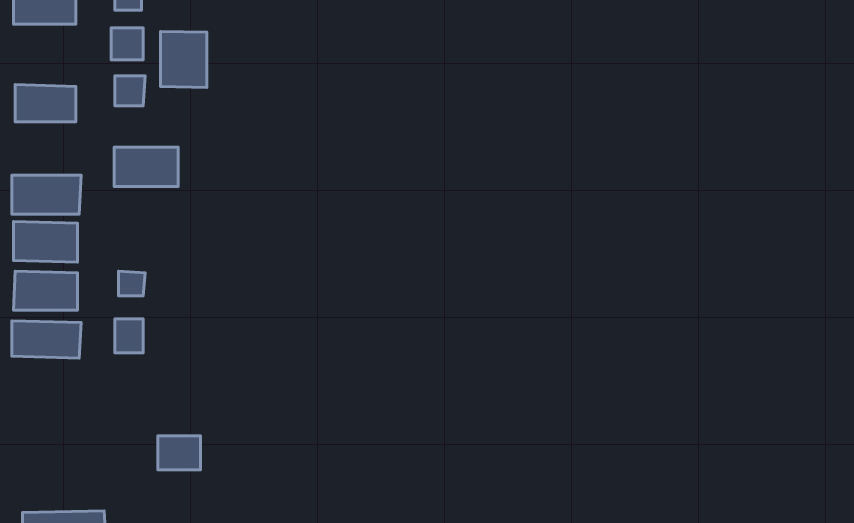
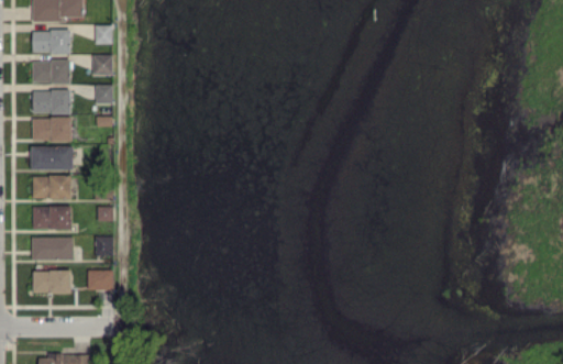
building: [161,31,207,87] -> none
building: none -> [32,60,70,82]
building: [114,147,178,186] -> [32,117,71,141]
building: none -> [33,271,70,294]
building: [158,436,201,470] -> [87,269,113,290]

